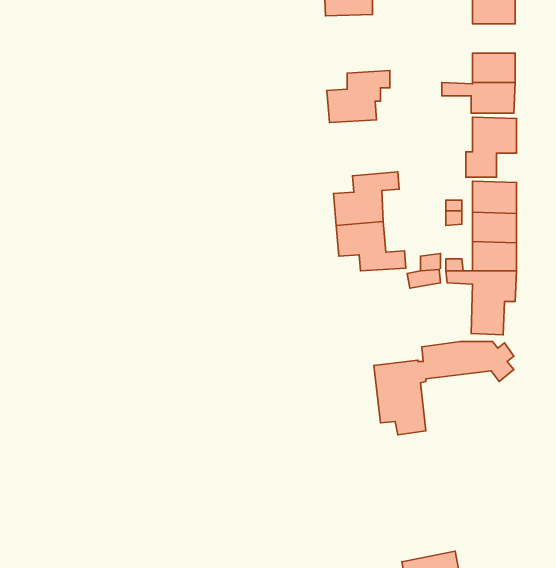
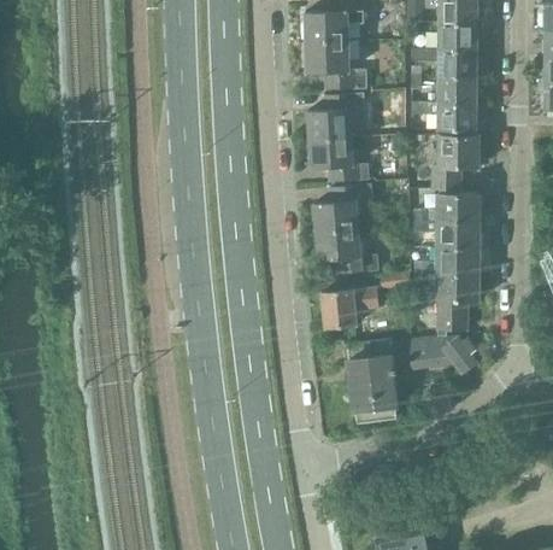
building: none -> [306,43,366,92]
building: none -> [412,52,477,78]
building: none -> [310,139,369,183]
building: none -> [322,289,378,329]

